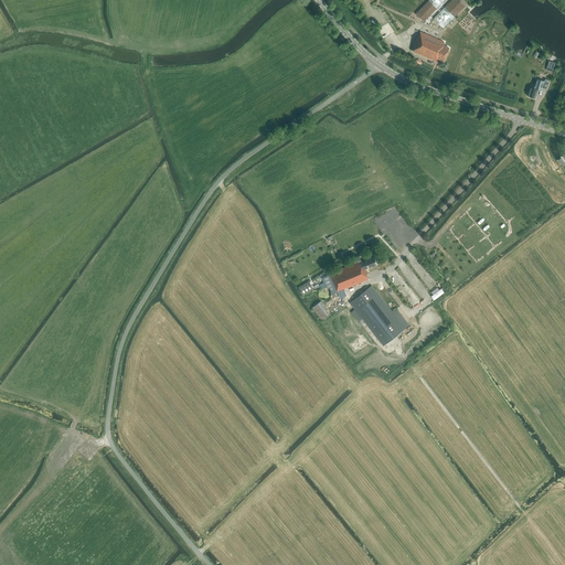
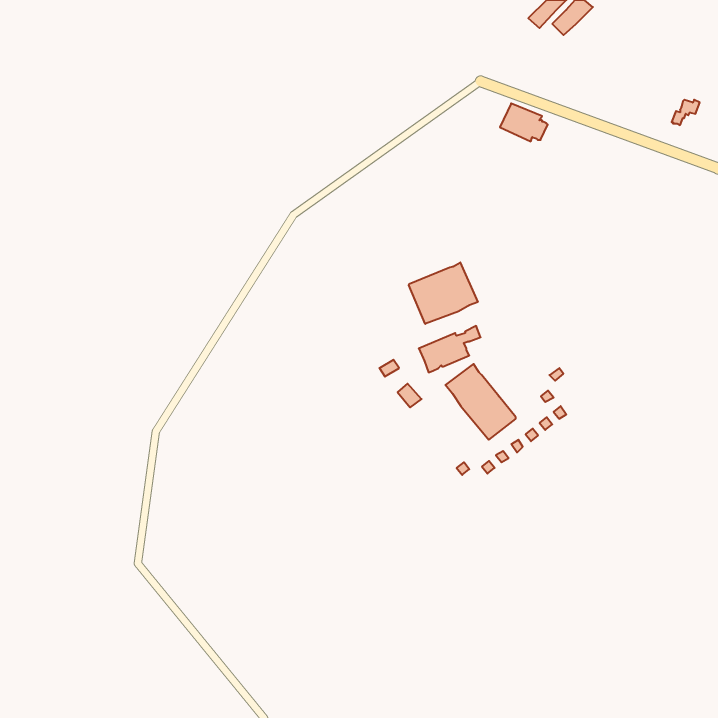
building: [412,32,449,62] -> [500,103,548,141]
building: none -> [409,262,478,324]

